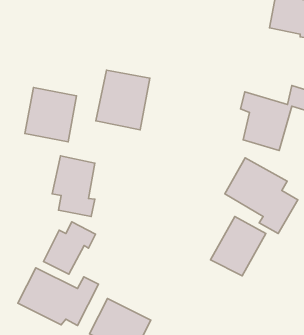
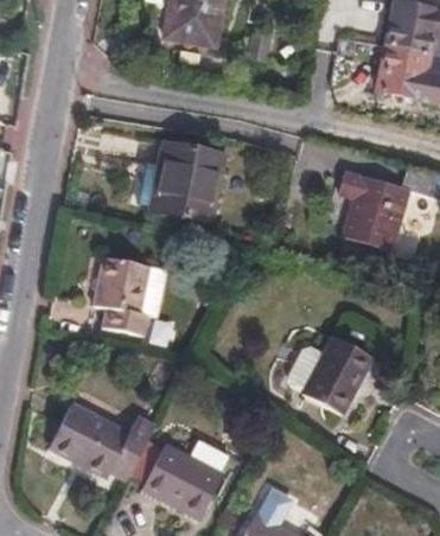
building: [25,87,77,142] -> none
building: [225,158,298,234] -> none
building: [44,222,96,274] -> none

